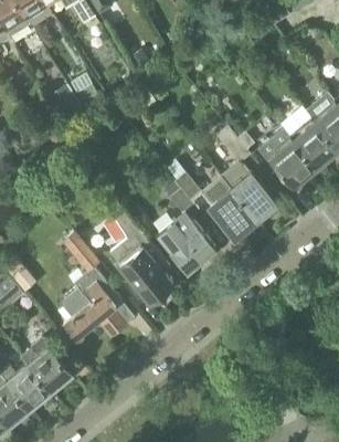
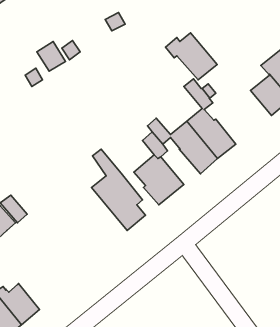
building: [257,134,317,188] -> [165,33,217,80]
building: [62,233,126,339] -> none
building: [20,346,73,393] -> none

